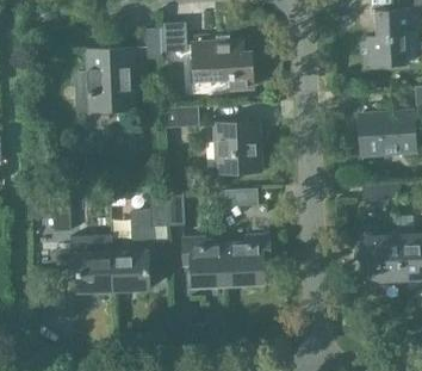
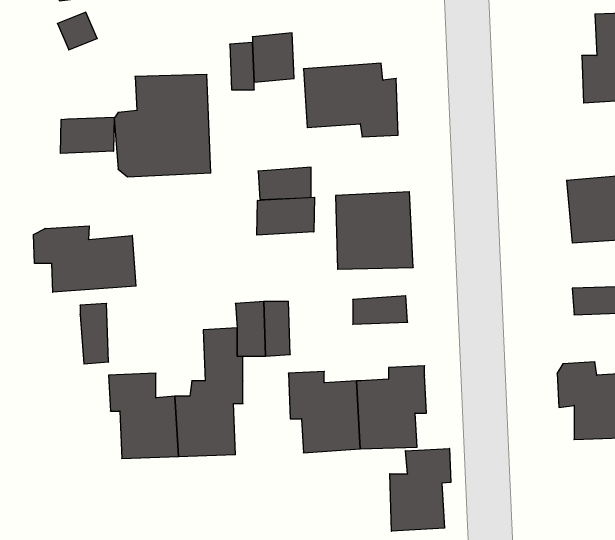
building: none -> [60,117,114,153]
building: none -> [257,197,314,235]
building: none -> [34,226,136,292]
building: none -> [390,448,451,531]

